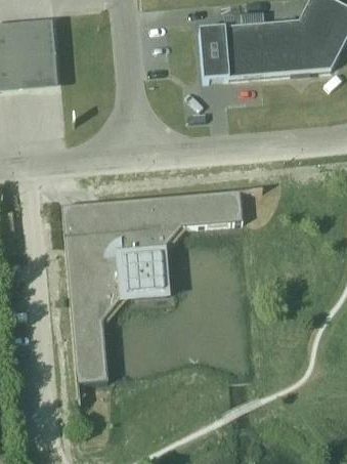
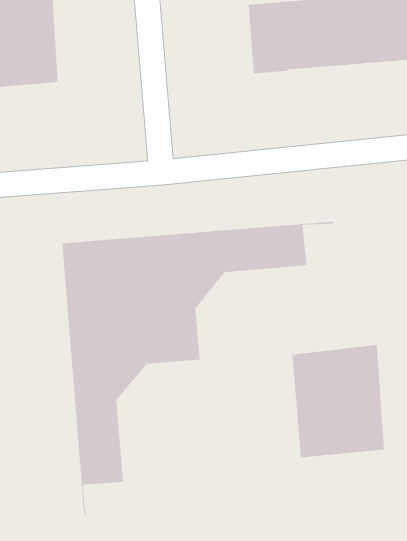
building: none -> [292,344,384,458]

